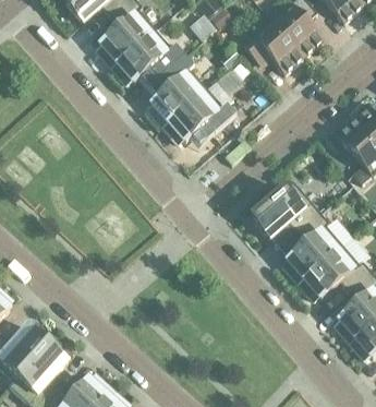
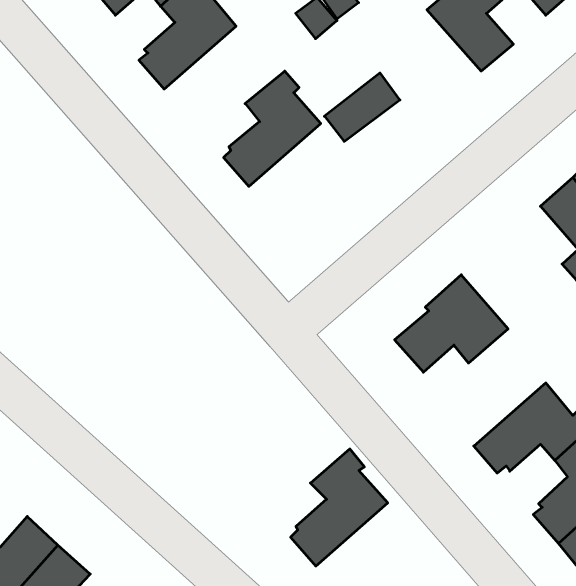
building: [240,17,302,72] -> none
building: [110,27,183,83] -> none
building: [161,86,234,142] -> none
building: [282,211,341,282] -> [291,449,388,566]

